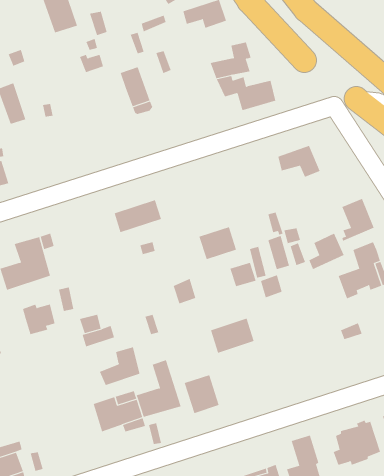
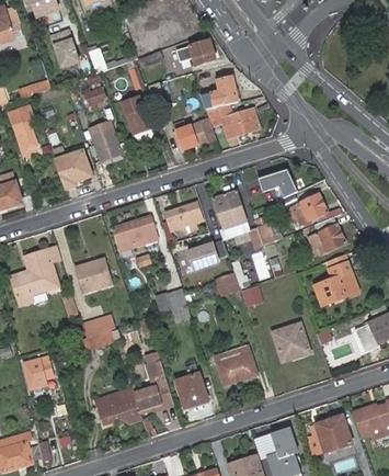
building: none -> [173,122,205,148]
building: none -> [92,128,122,160]
building: none -> [53,148,91,189]
building: none -> [213,191,245,229]
building: none -> [164,202,203,230]
building: [309,233,344,270] -> [296,192,328,225]
building: none -> [76,259,112,293]
building: [22,304,56,335] -> [23,359,53,386]
building: none -> [271,322,308,361]
building: [210,318,255,354] -> [217,352,256,384]
building: [99,346,140,386] -> none

